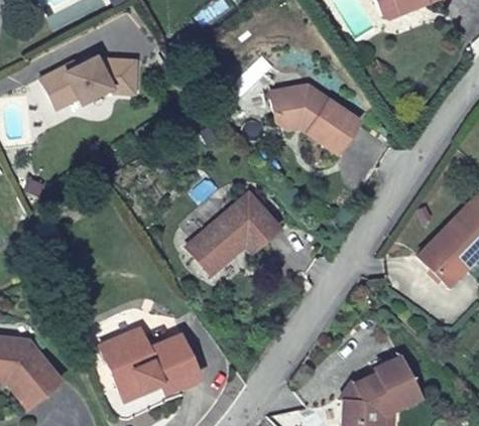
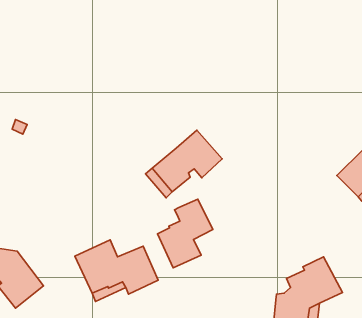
building: [38,55,132,109] -> none
building: [274,84,363,152] -> none
building: none -> [158,199,213,268]

